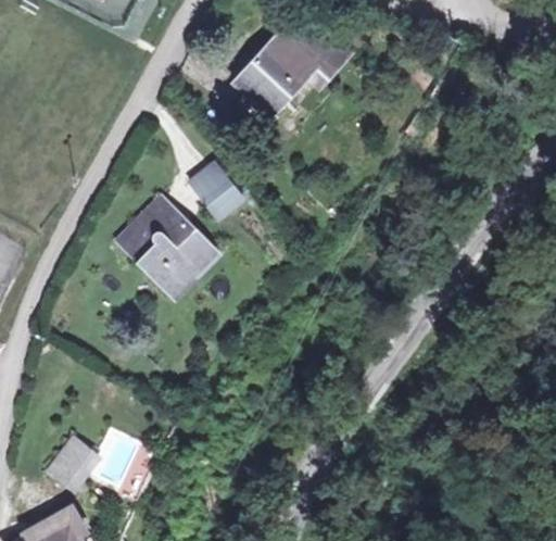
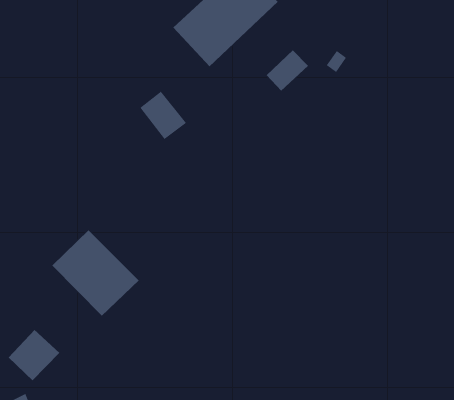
building: none -> [266,49,309,91]
building: [117,199,218,299] -> [52,230,140,316]

